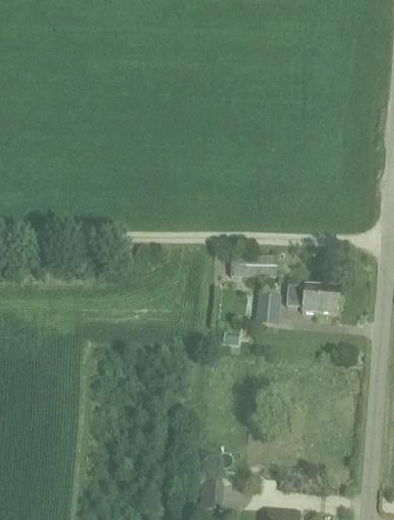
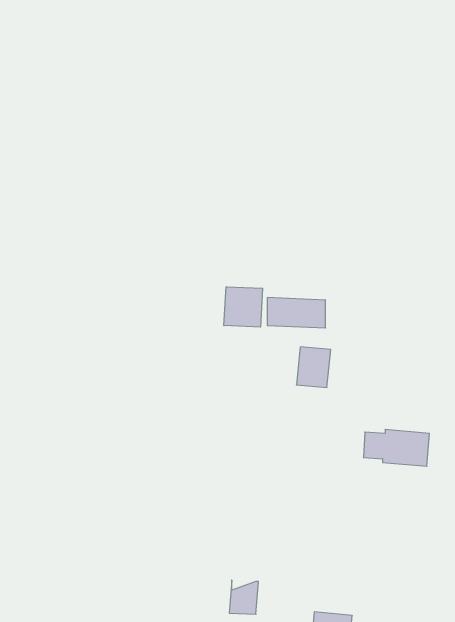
building: none -> [224,287,263,327]
building: [286,282,340,312] -> [363,430,429,466]

